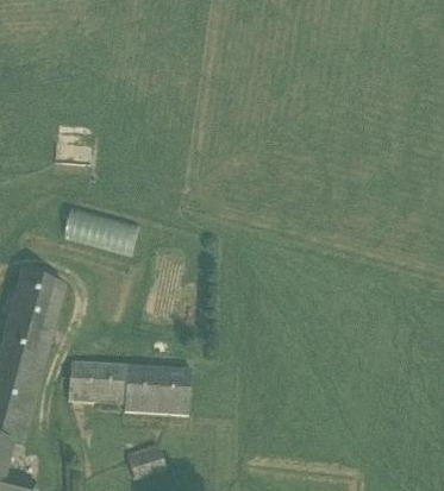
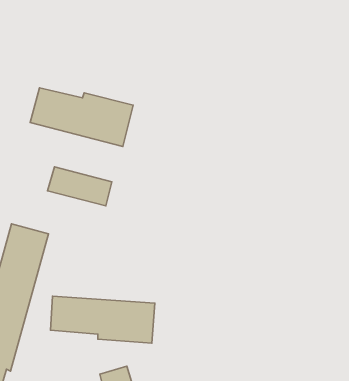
building: none -> [30,88,133,146]

